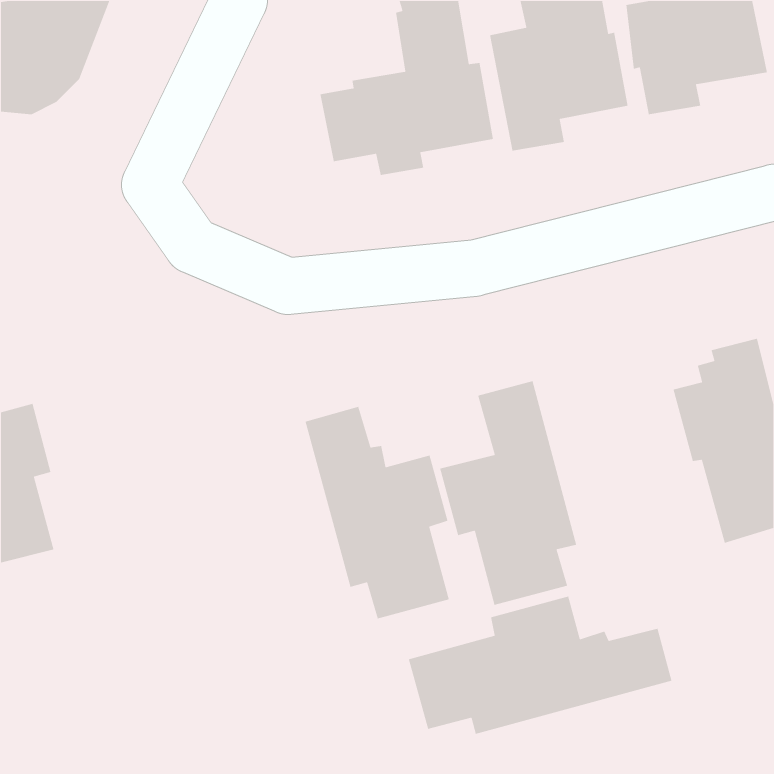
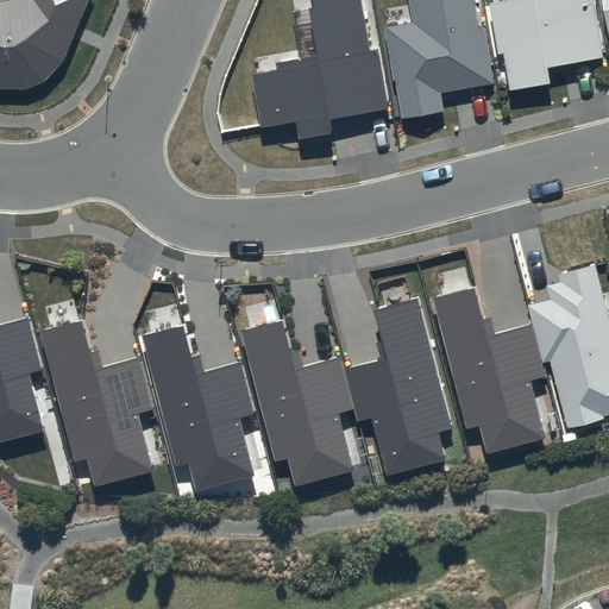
building: none -> [431,285,545,453]
building: none -> [39,320,153,485]
building: none -> [143,325,255,491]
building: [408,595,672,735] -> none

